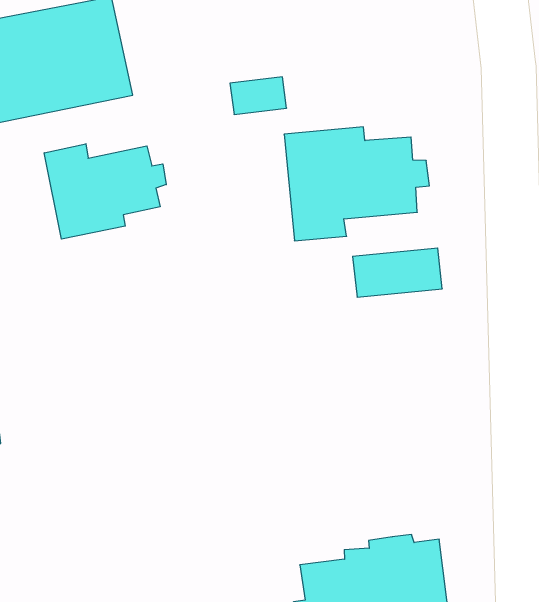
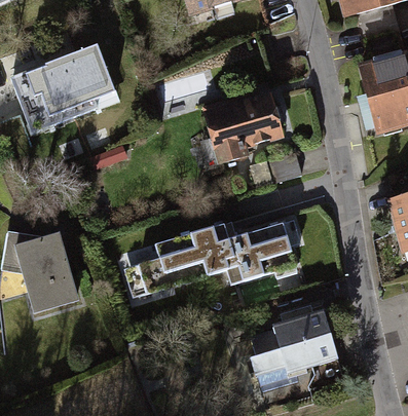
building: [44,144,166,239] -> none
building: none -> [129,221,296,296]

